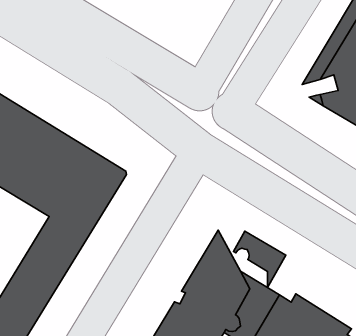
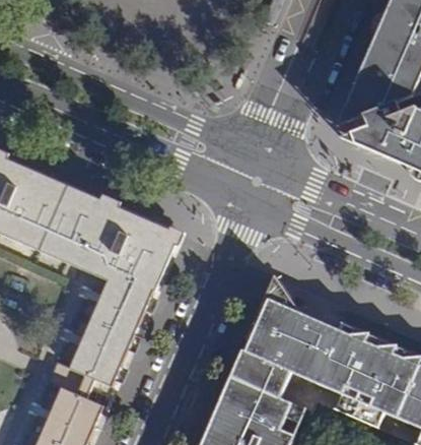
building: [234,231,286,288] -> none

